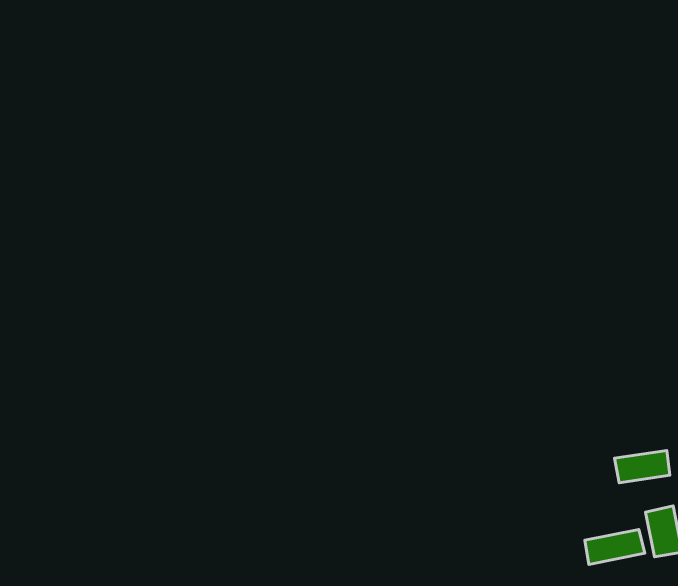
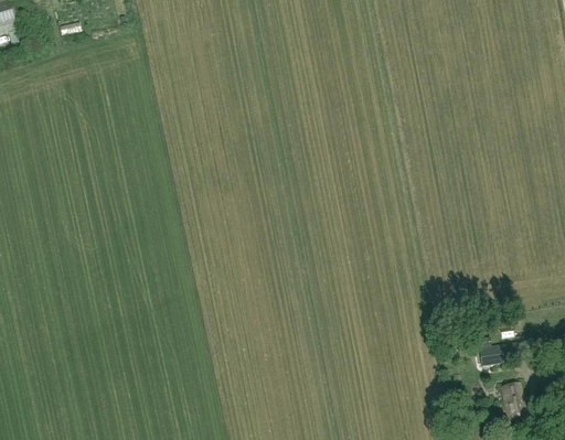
building: [585,530,645,564] -> none

